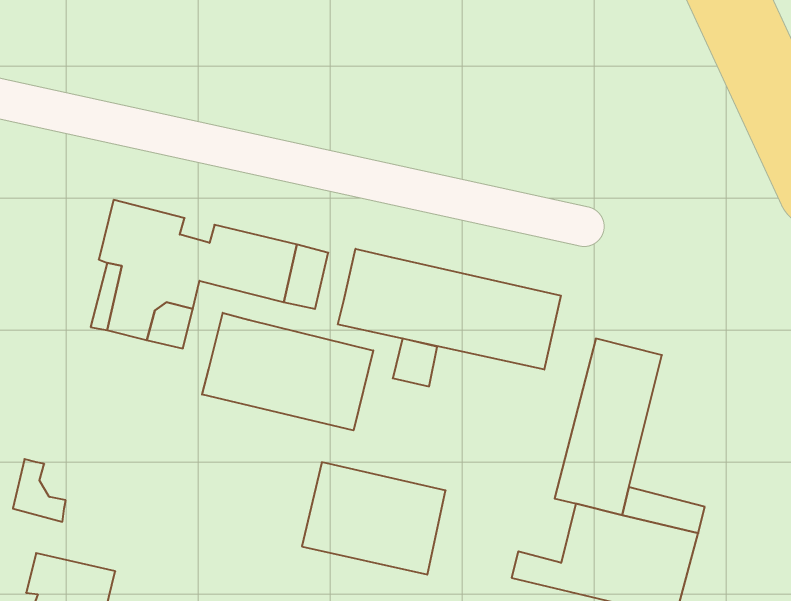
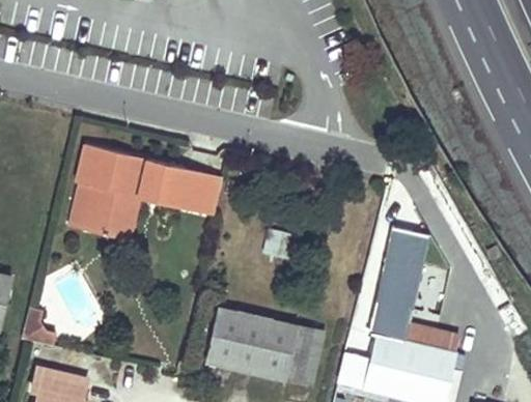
building: [338,249,561,370] -> none
building: [202,313,373,430] -> none
building: none -> [282,326,320,385]

